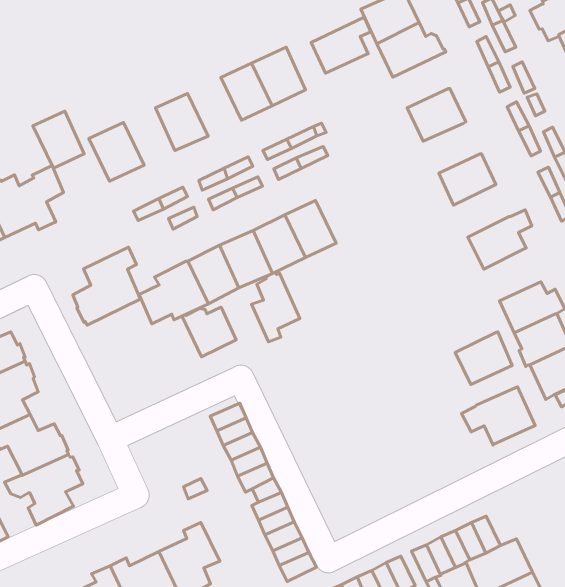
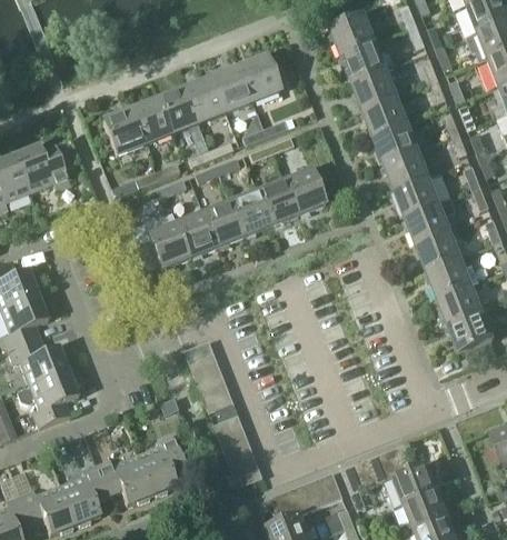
building: [311,17,371,73] -> [351,67,400,110]
building: none -> [185,76,227,122]
building: [33,111,84,168] -> [131,97,171,142]
building: none -> [372,124,419,164]
building: none -> [394,177,439,218]
building: none -> [282,169,325,216]
building: [73,247,141,325] -> none
building: [252,272,300,342] -> none
building: [182,307,236,357] -> none
building: [455,332,512,385] -> [415,230,460,271]
building: [461,387,535,445] -> none

